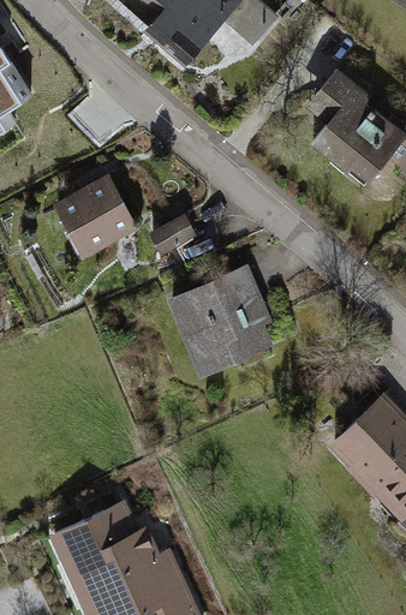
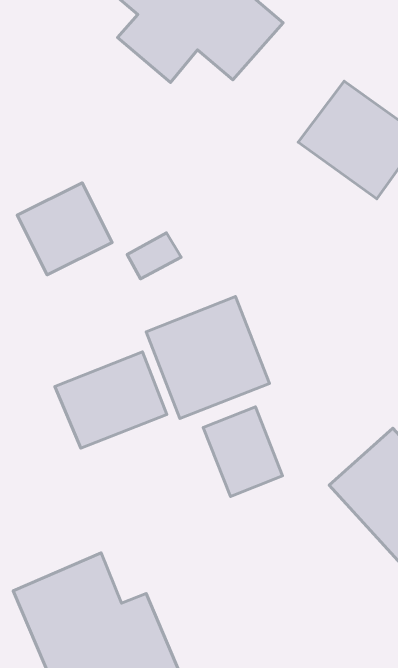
building: none -> [55,352,167,448]
building: none -> [203,407,283,496]

